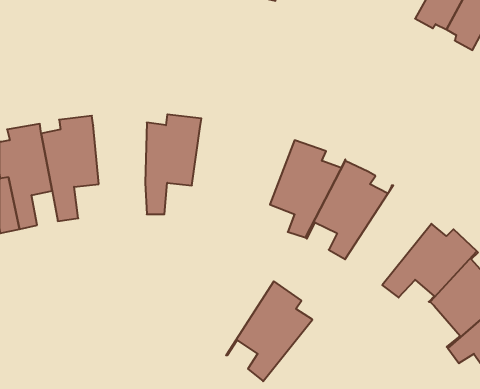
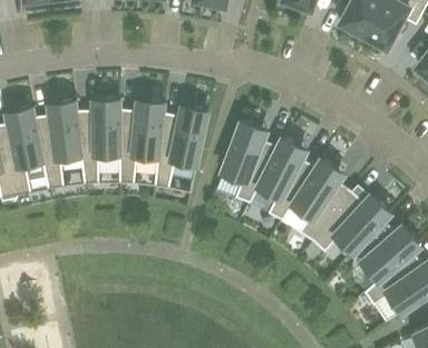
building: none -> [77,101,120,185]
building: none -> [155,108,208,188]
building: [226,281,312,381] -> [282,160,352,241]

